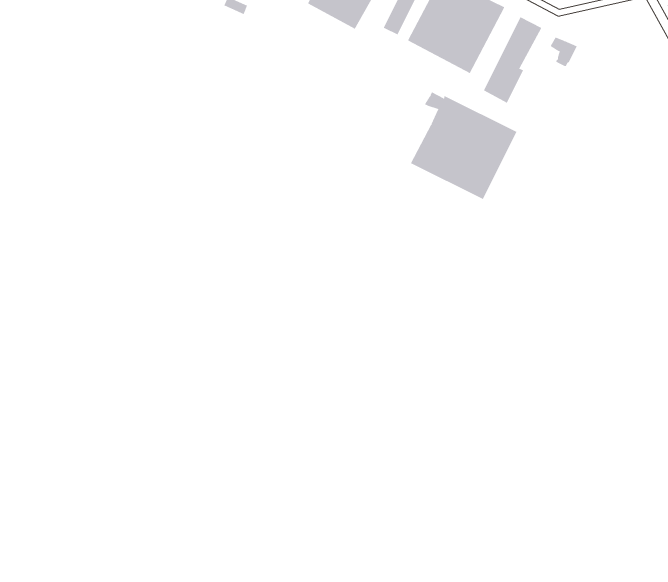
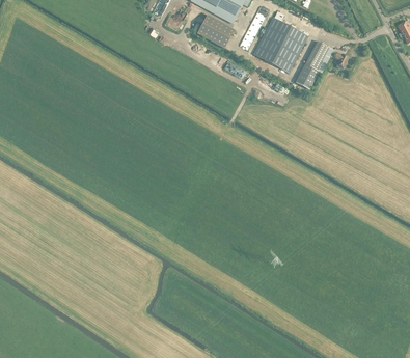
building: [410,92,517,200] -> none

